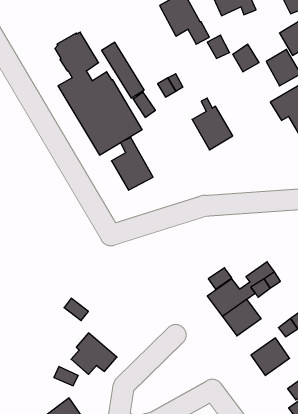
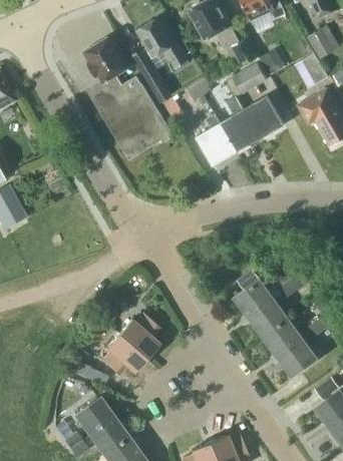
building: none -> [137,17,189,68]
building: none -> [227,62,267,97]
building: none -> [244,95,285,138]
building: [111,137,153,190] -> [197,113,238,165]
building: none -> [118,313,159,357]
building: none -> [265,319,303,355]

